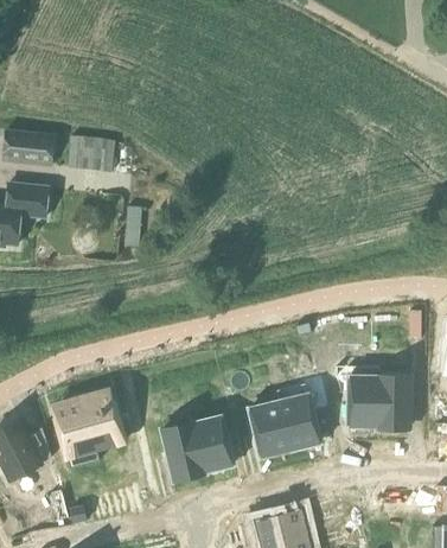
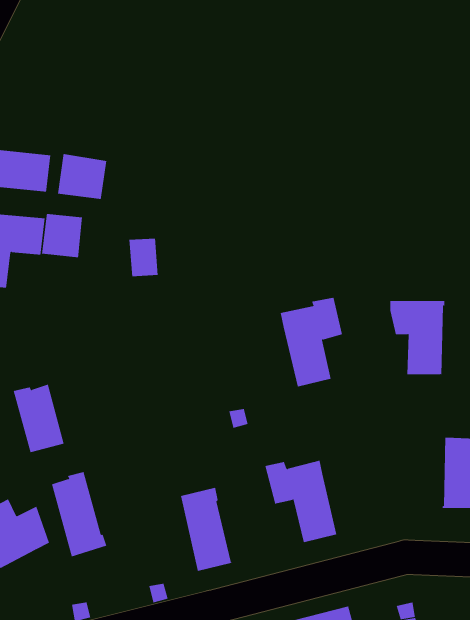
building: none -> [41,213,82,258]
building: [336,365,382,427] -> [389,300,445,375]
building: [277,376,330,451] -> [280,297,343,387]
building: [82,393,124,451] -> [13,384,64,454]
building: [192,416,232,473] -> none

